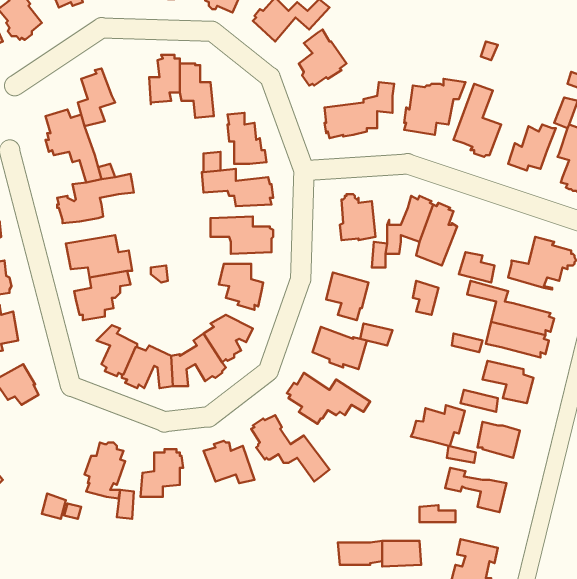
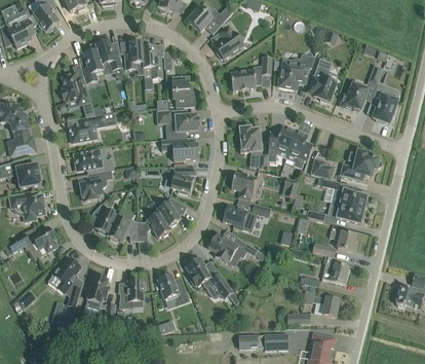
building: none -> [94,41,122,70]
building: [411,405,465,446] -> none
building: none -> [48,257,83,307]

